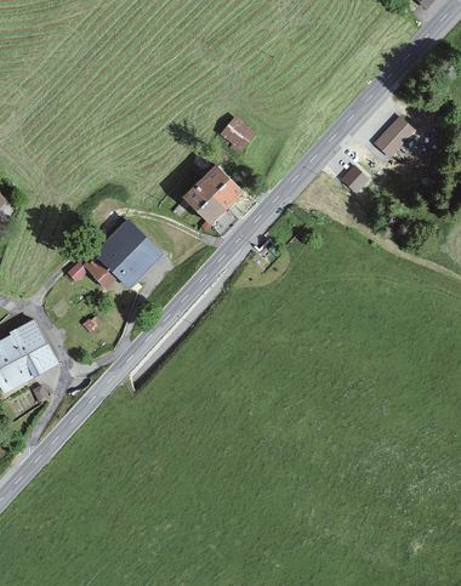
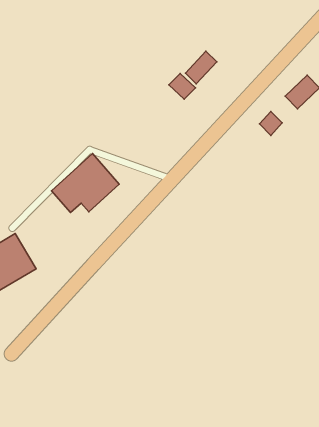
building: none -> [185,51,217,84]
building: [173,159,240,226] -> none

